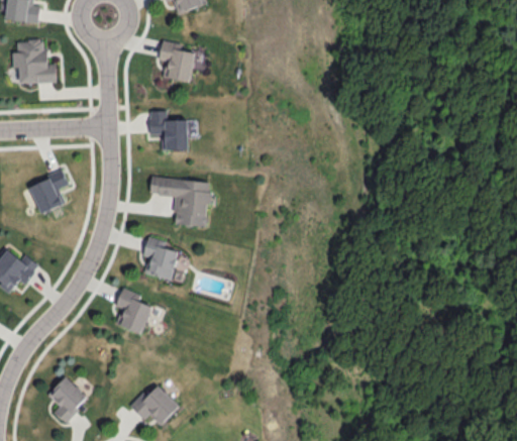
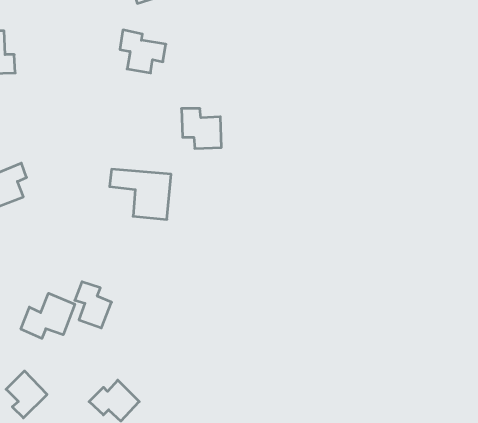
building: [148,111,188,150] -> [181,109,221,148]
building: [142,237,179,281] -> none
building: none -> [21,293,75,338]

